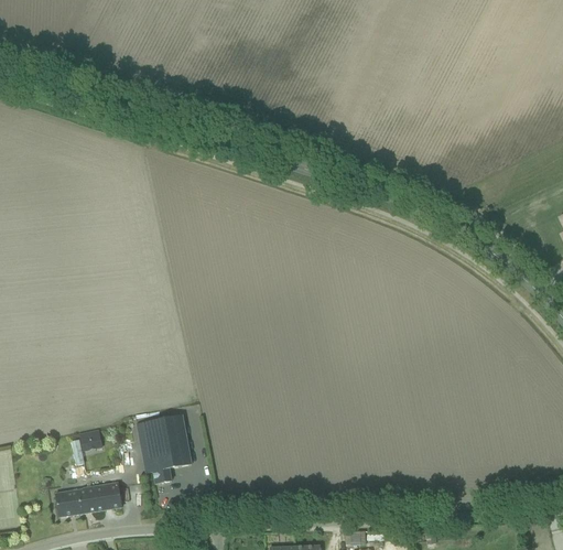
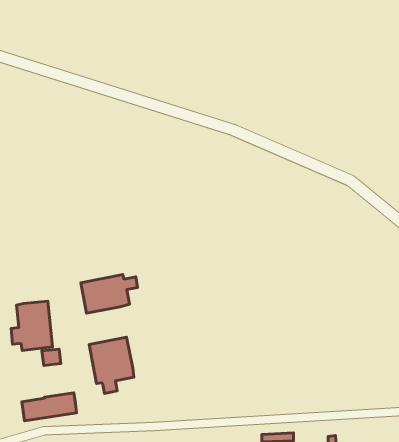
building: none -> [81,274,137,313]
building: none -> [11,301,53,350]

